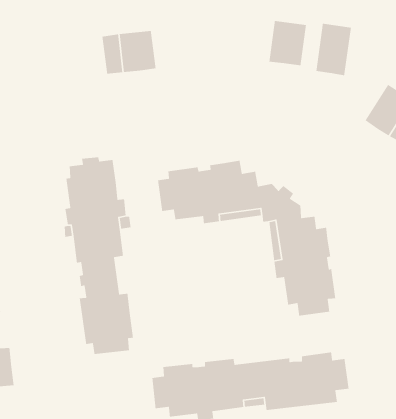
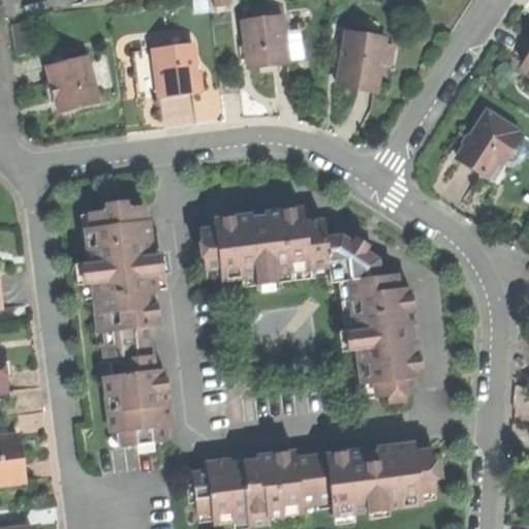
building: none -> [243,13,290,68]
building: [315,23,352,76] -> none
building: none -> [46,55,98,111]

